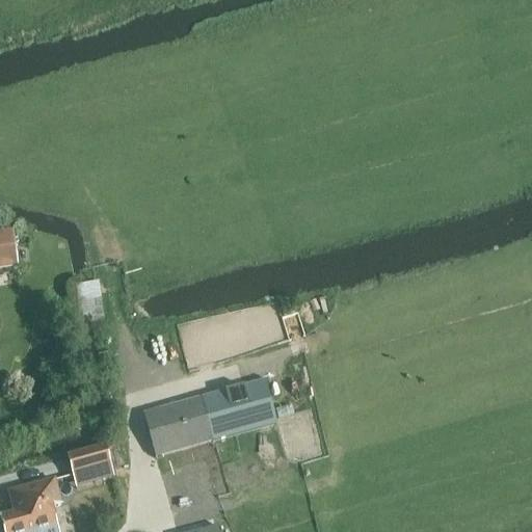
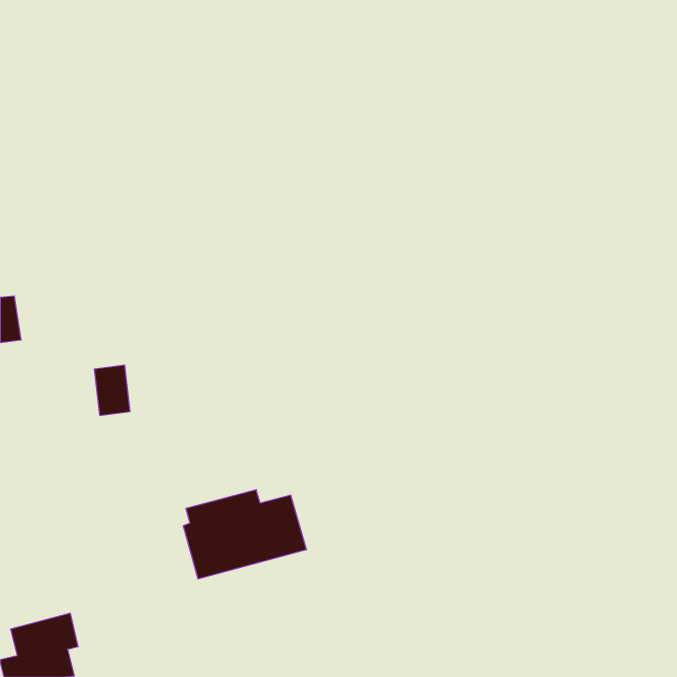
building: [233,389,266,421] -> none
building: [69,447,112,477] -> none

